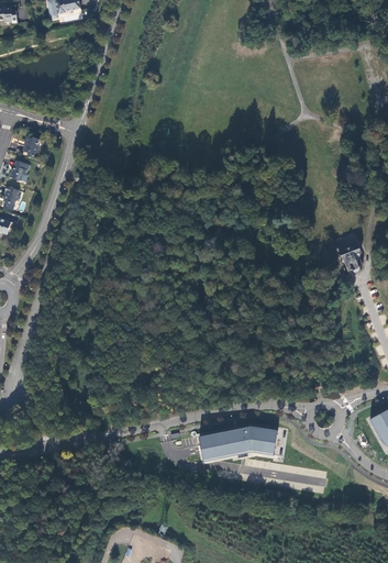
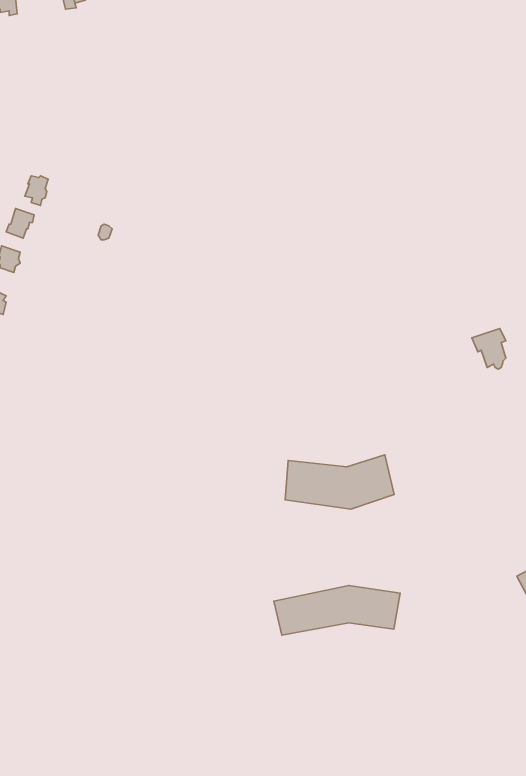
building: none -> [285,455,394,509]

